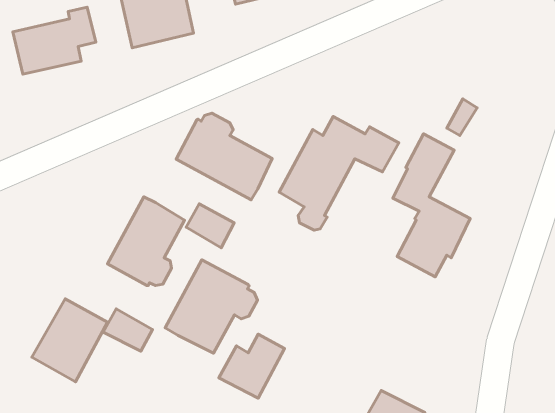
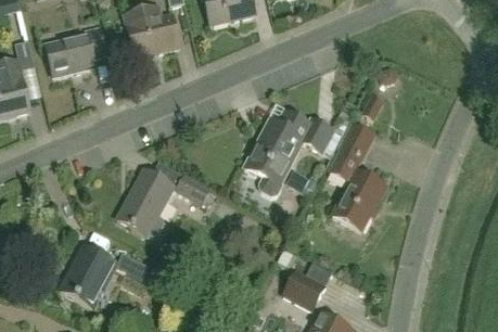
building: [176,113,272,200] -> none
building: [165,260,258,353] -> none
building: [219,334,284,398] -> [282,261,331,309]

